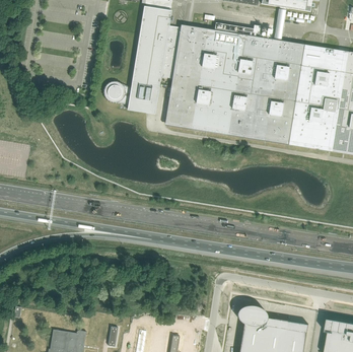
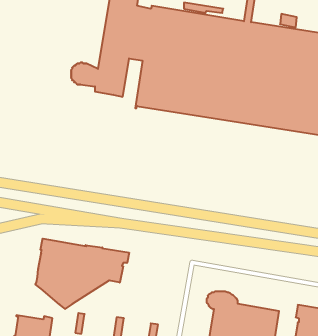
building: none -> [35,239,129,309]

